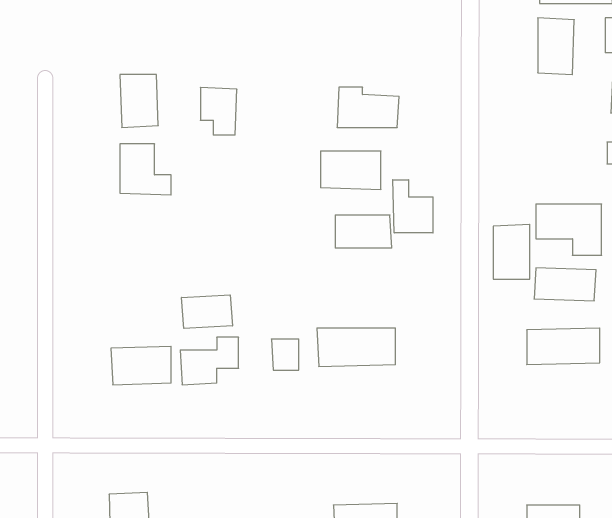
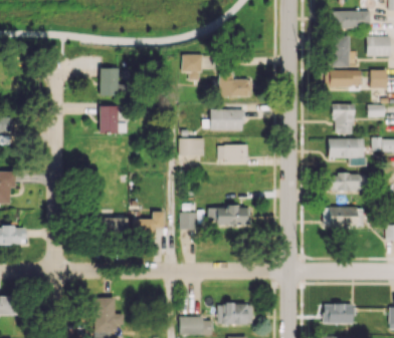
building: none -> [330,70,361,87]
building: [200,87,237,135] -> [182,54,202,80]
building: [393,180,433,233] -> none
building: none -> [180,137,205,155]
building: [493,224,530,279] -> [334,103,354,133]
building: [182,295,232,328] -> none

